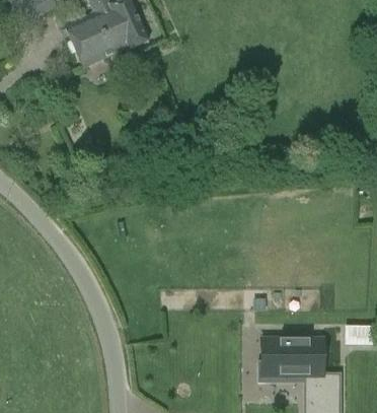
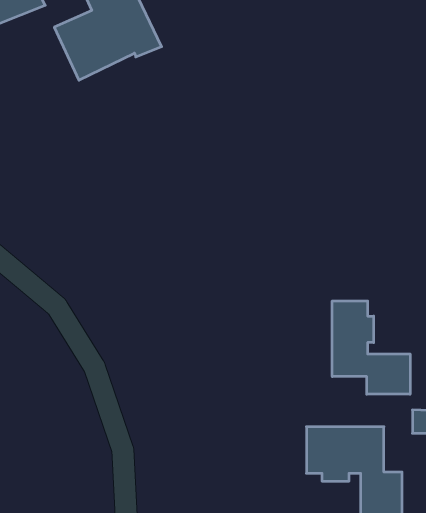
building: none -> [332,301,410,394]

